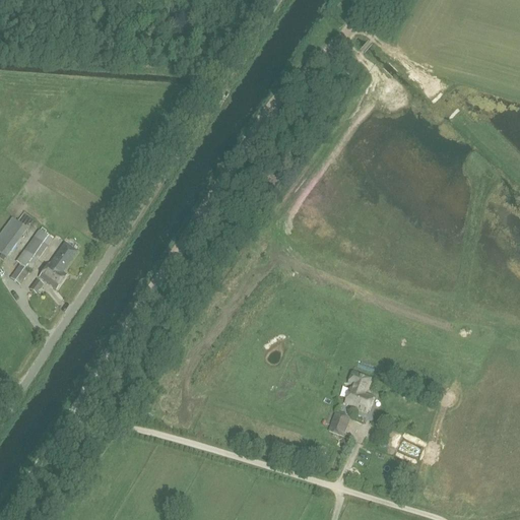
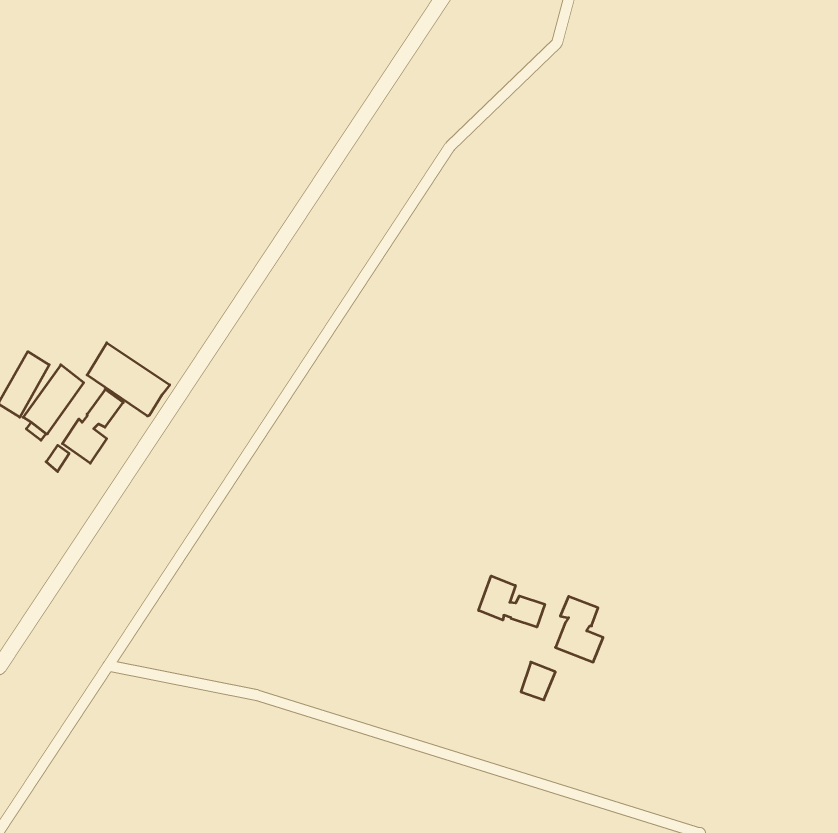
building: none -> [87,343,170,416]
building: none -> [479,576,545,627]

